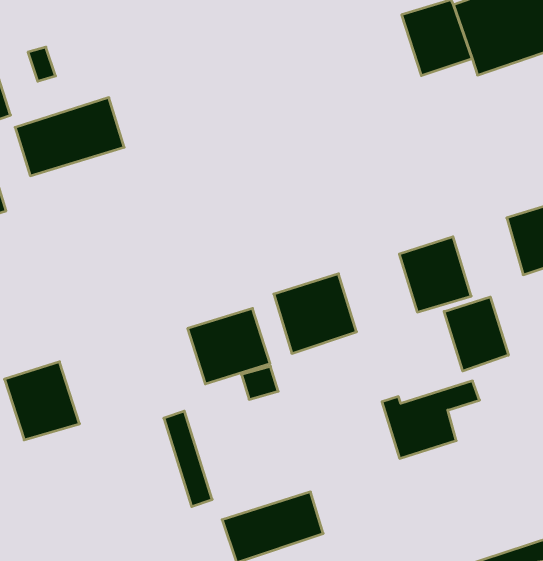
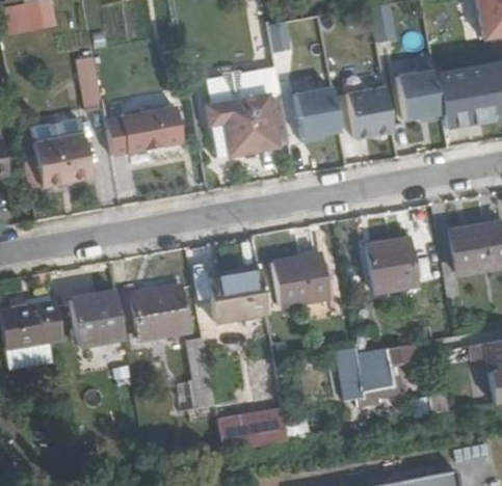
building: none -> [204,68,288,155]
building: none -> [347,86,392,138]
building: none -> [292,86,338,137]
building: [444,297,508,371] -> none
building: none -> [132,286,188,339]

